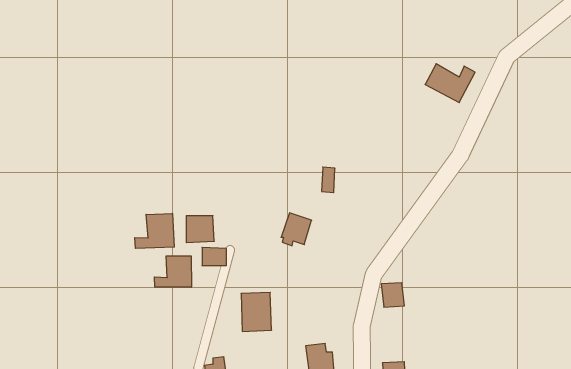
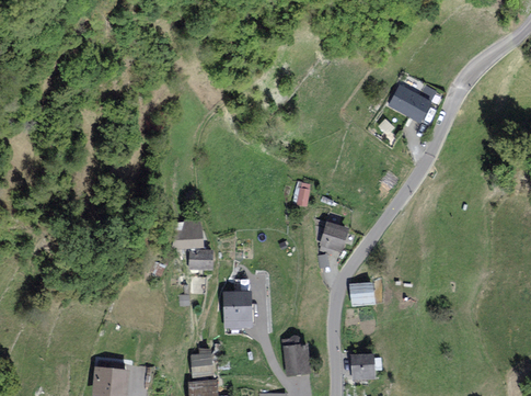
building: [281,213,312,246] -> [320,223,347,252]
building: [135,213,174,248] -> none
building: [155,256,191,287] -> none

